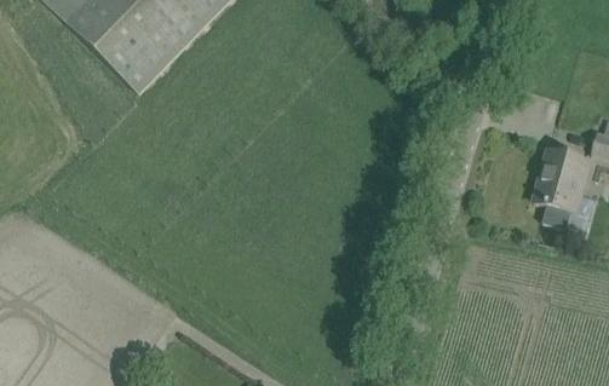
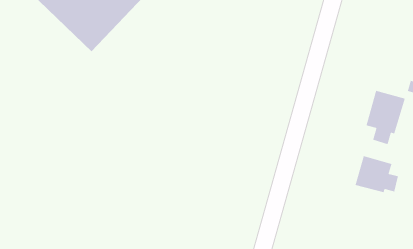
building: none -> [355,155,399,193]

